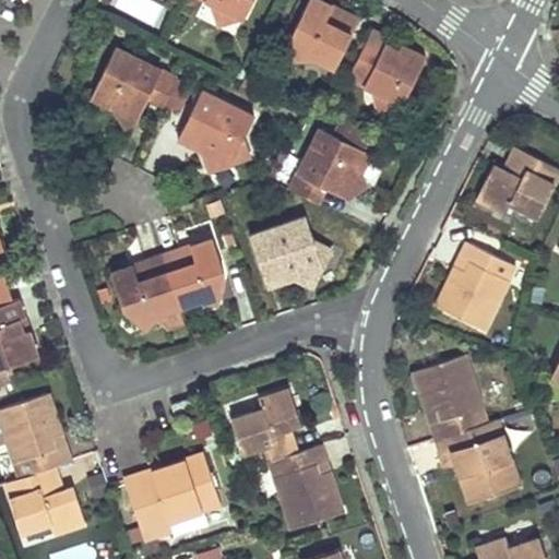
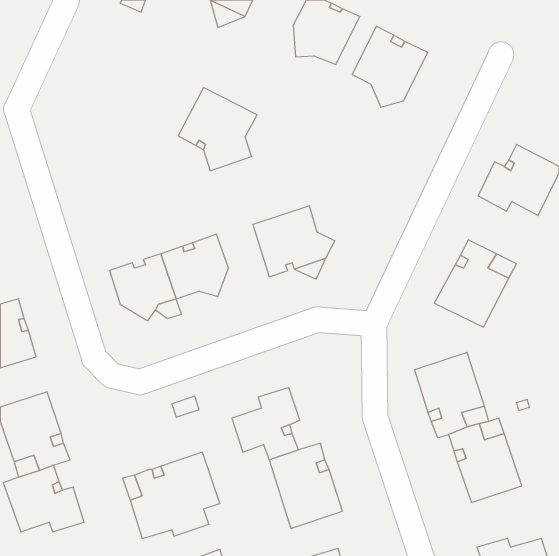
building: [90,49,177,127] -> none
building: [288,119,381,205] -> none

